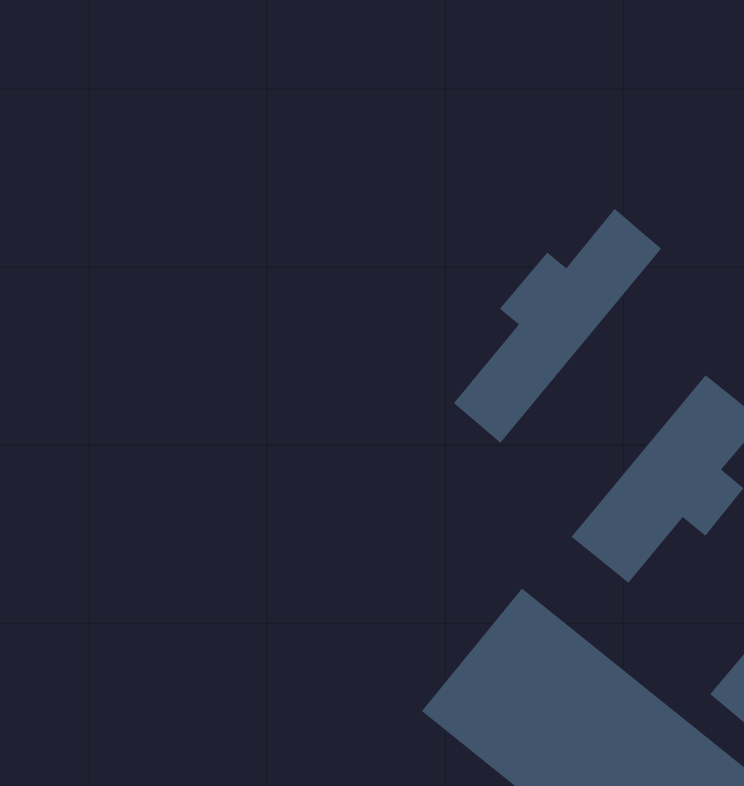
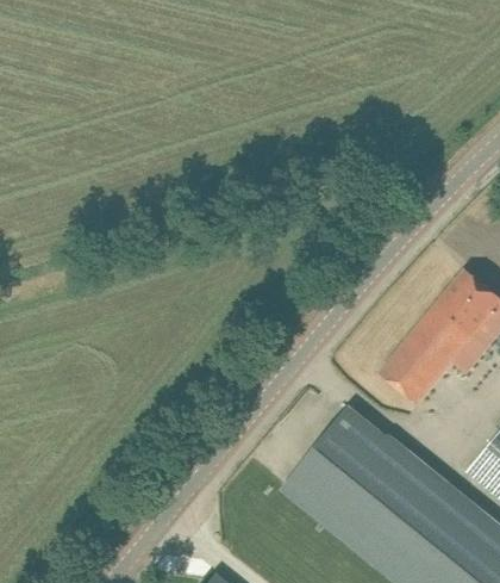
building: [453,208,662,444] -> none

